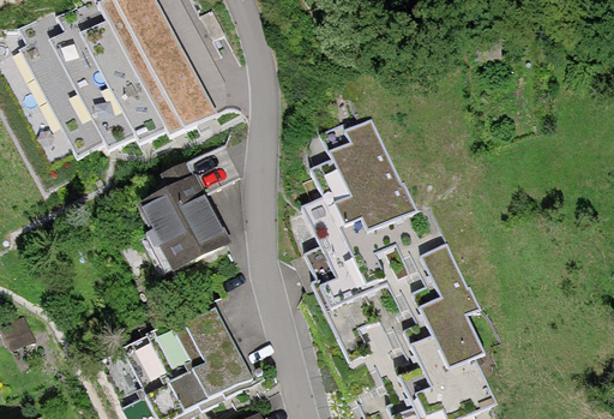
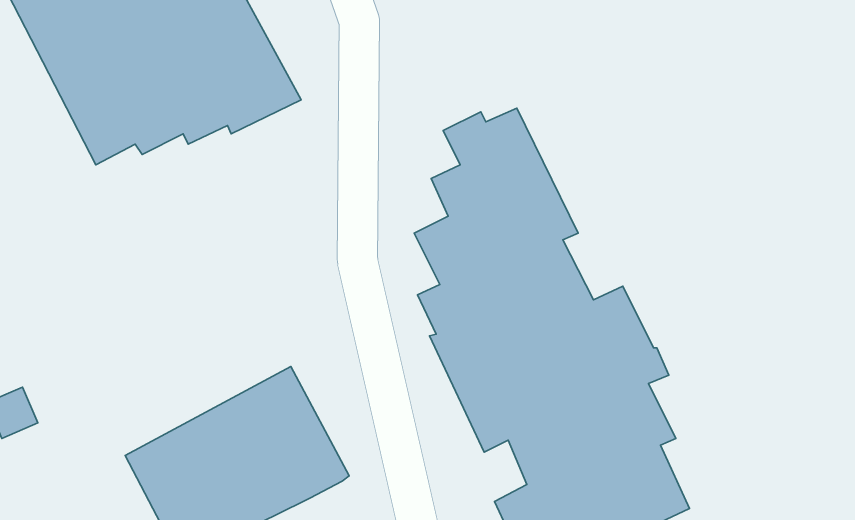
building: [138,161,230,269] -> none

